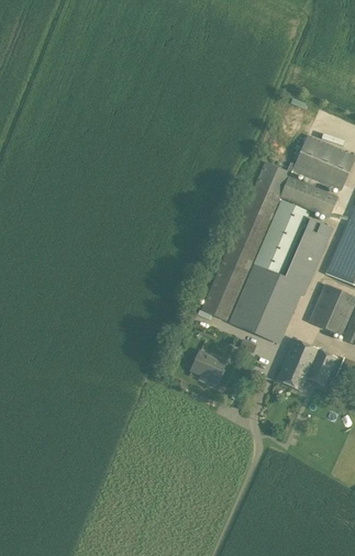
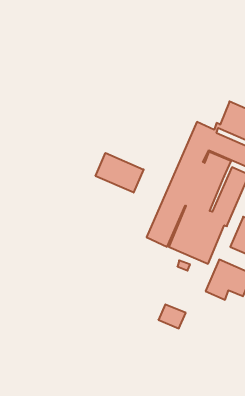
building: none -> [96,153,144,193]
building: [190,351,225,381] -> [158,304,186,328]

